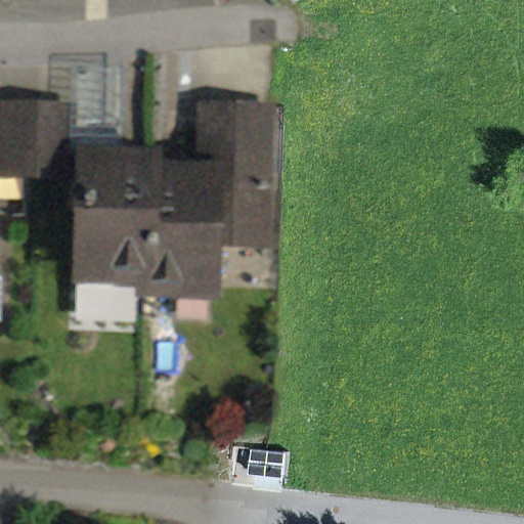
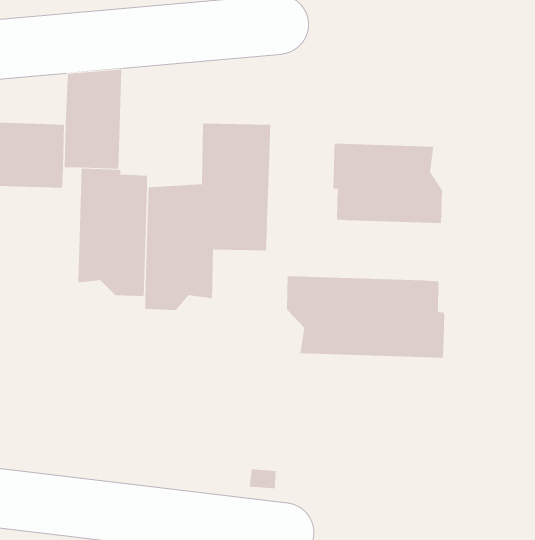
building: none -> [333,143,442,224]
building: none -> [286,276,445,359]

